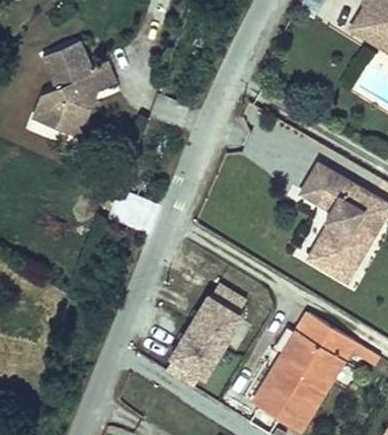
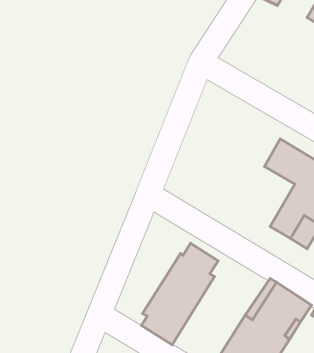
building: [33,41,120,138] -> none

